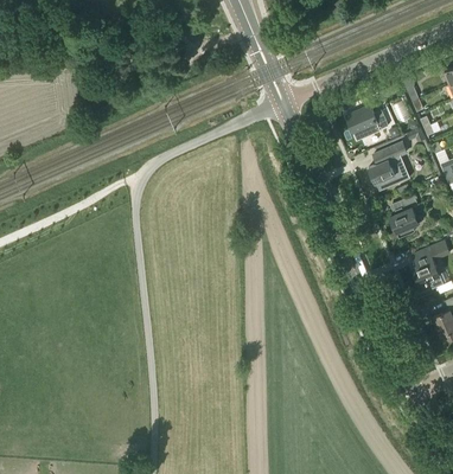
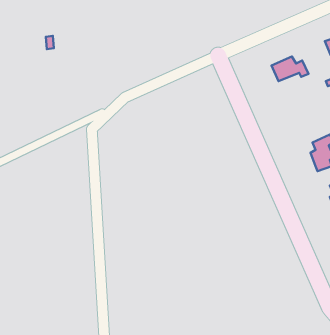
building: [369,141,407,188] -> none

